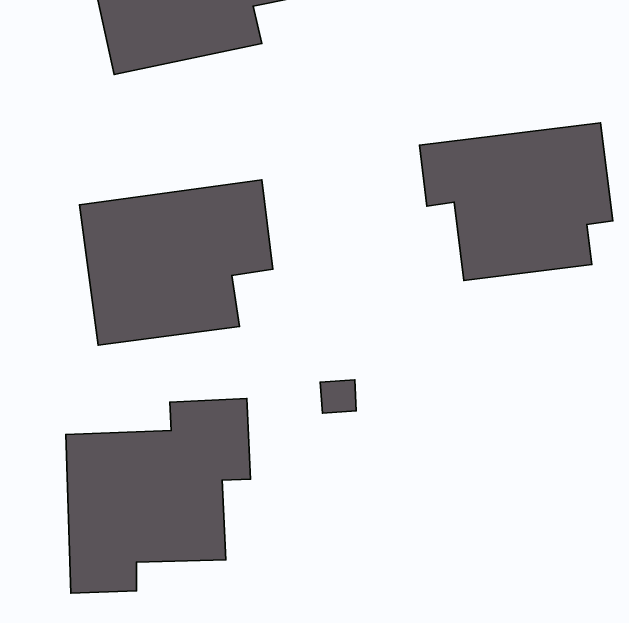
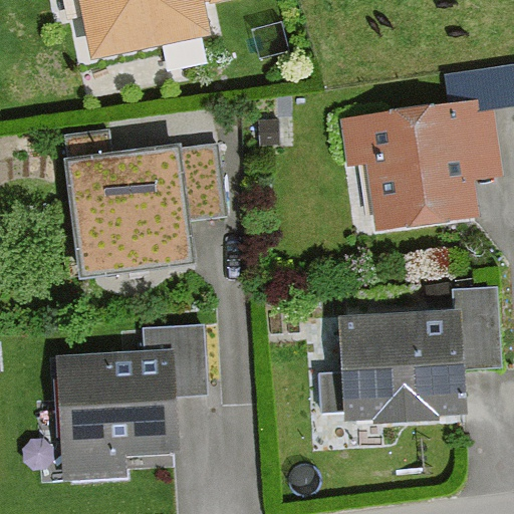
building: none -> [341,285,498,418]

